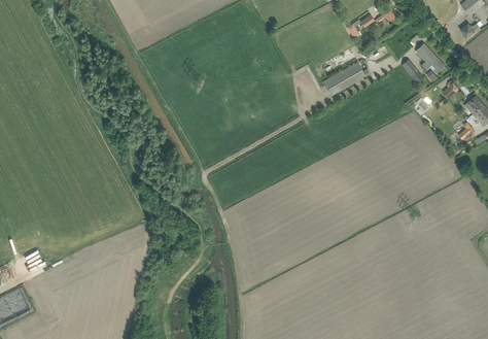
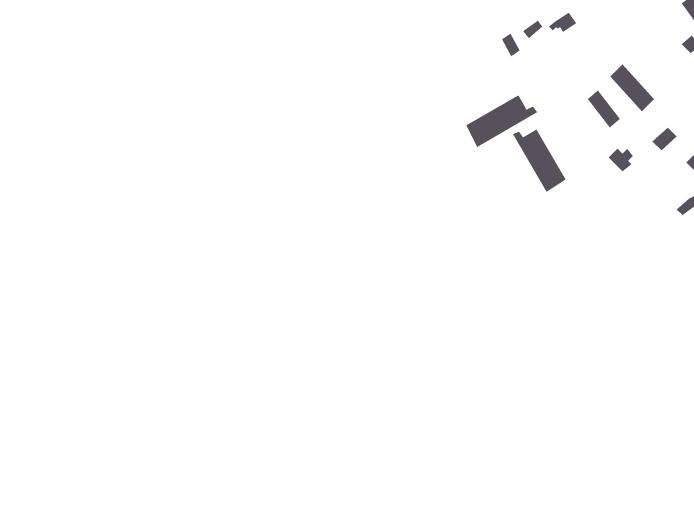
building: none -> [512,129,566,193]

